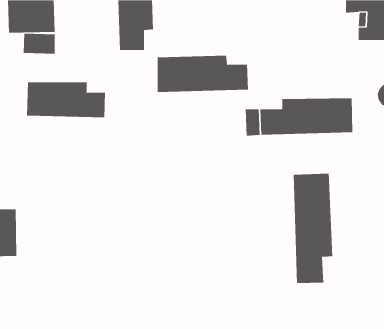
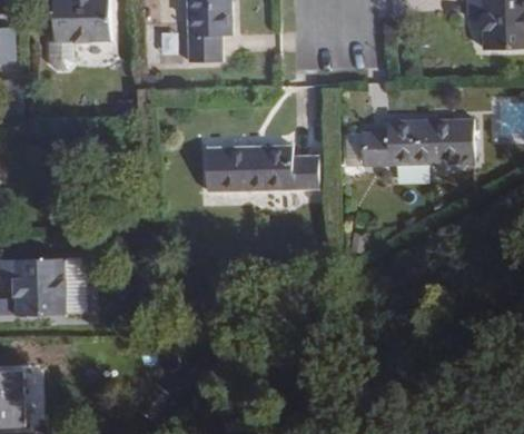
building: [157,55,249,93] -> [206,146,318,191]
building: [27,81,106,118] -> none
building: [293,173,333,284] -> none

